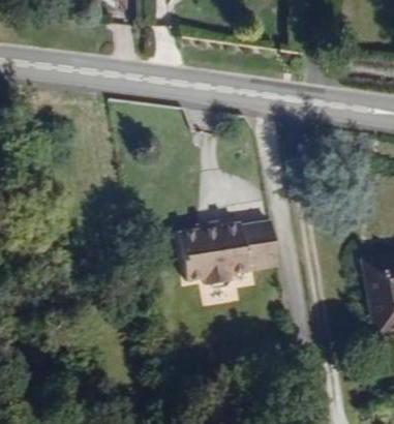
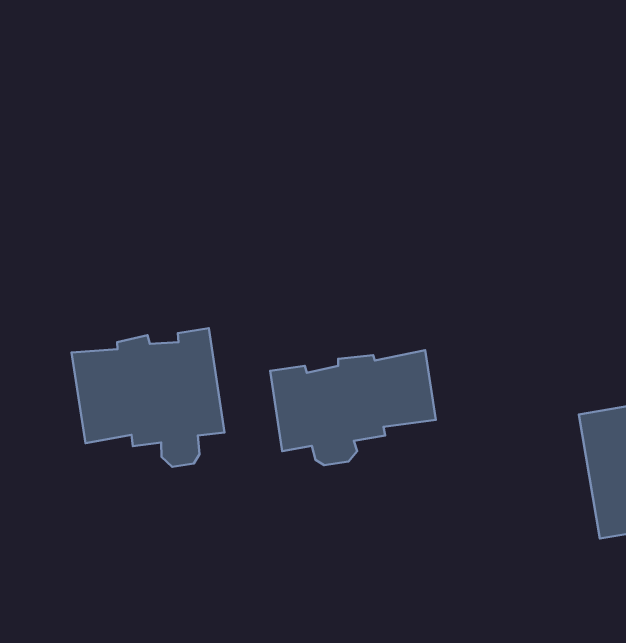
building: none -> [71,328,225,467]

